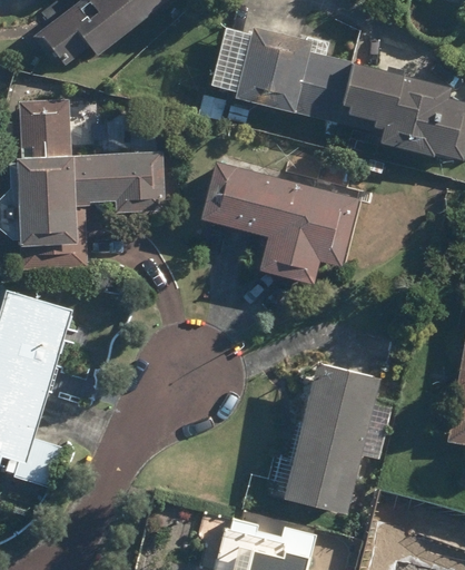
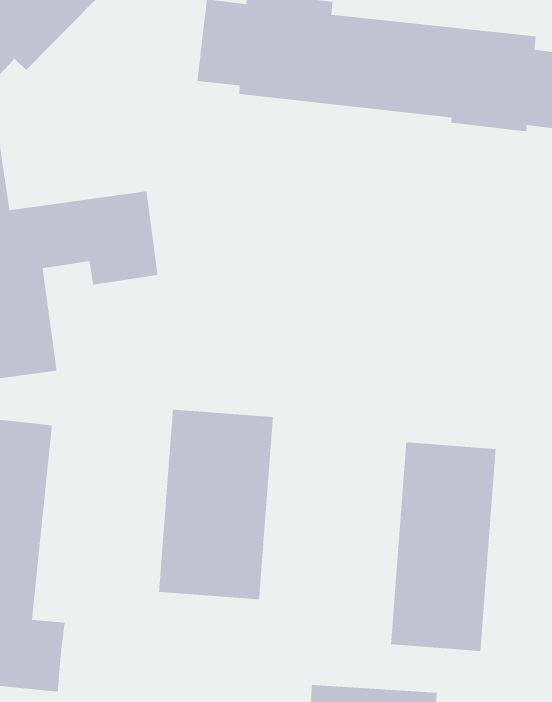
building: [198,161,359,285] -> none
building: none -> [158,409,274,600]

